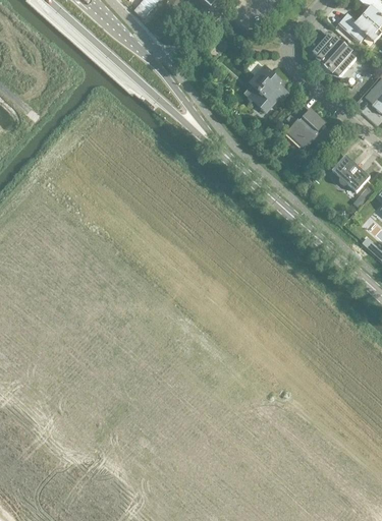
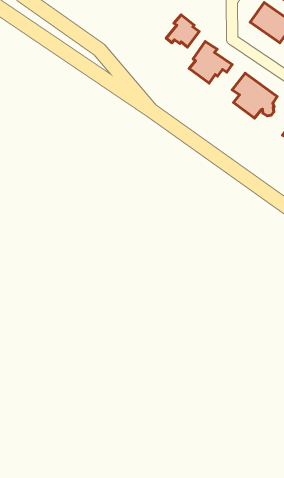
building: none -> [166,15,199,47]

